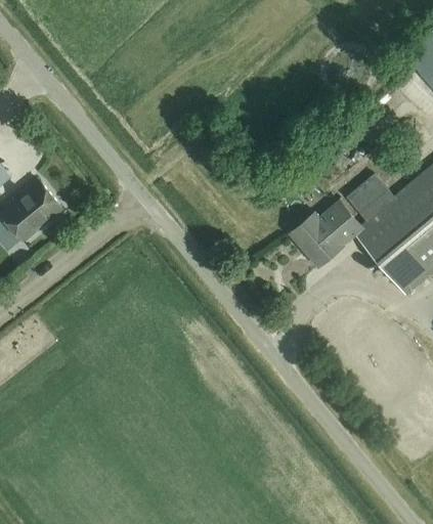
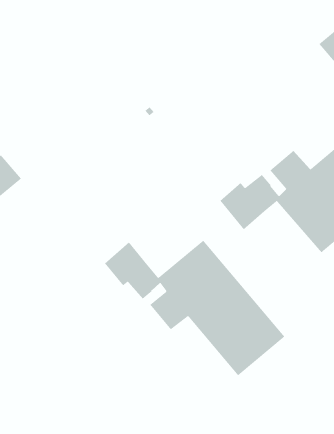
building: none -> [104,240,285,376]

